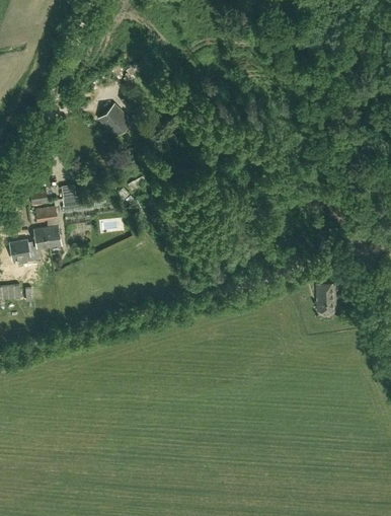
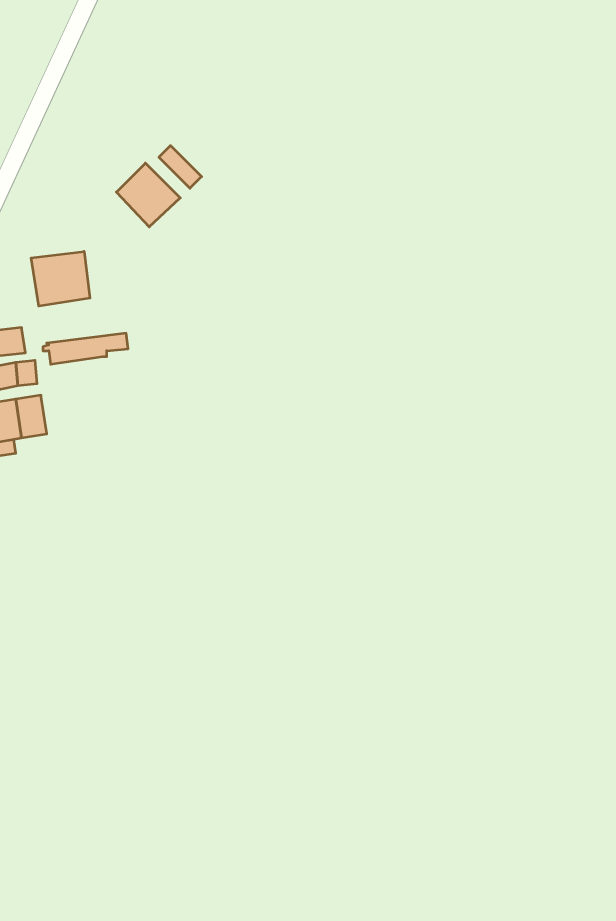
building: none -> [31,251,90,306]
building: [315,284,334,312] -> none

